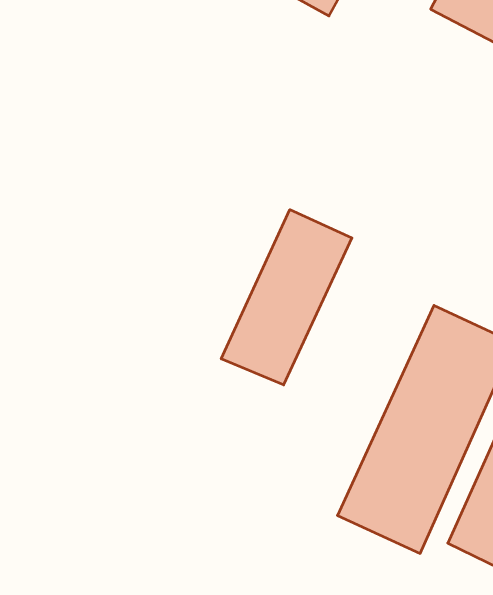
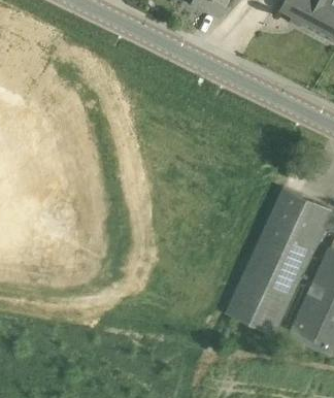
building: [221,210,352,385] -> none

